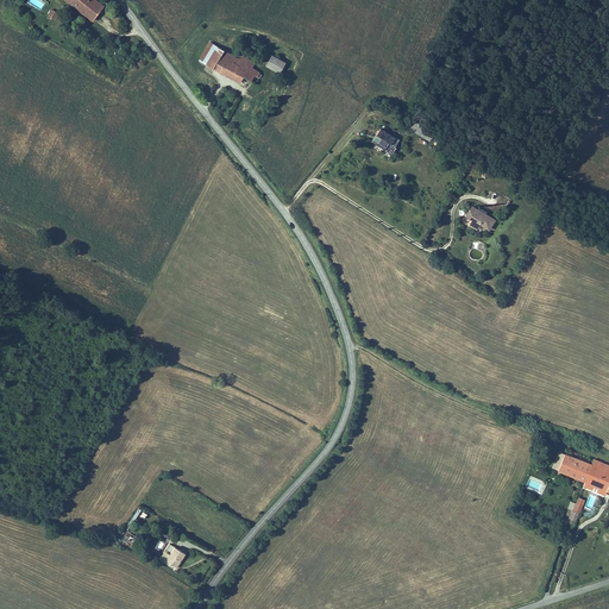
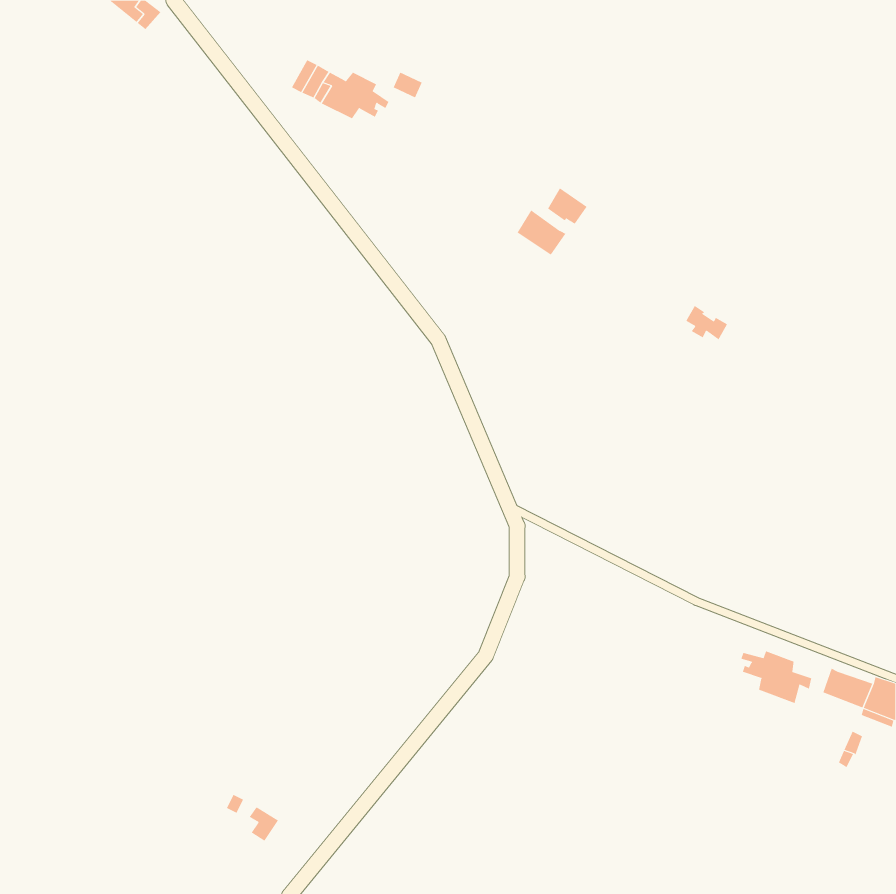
building: none -> [517,210,566,255]
building: none -> [741,650,812,704]

